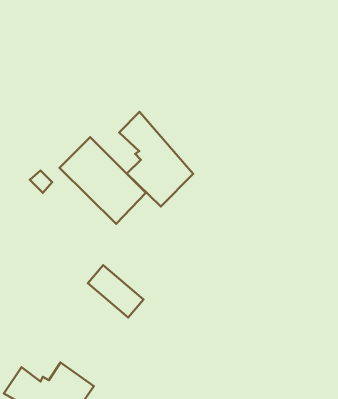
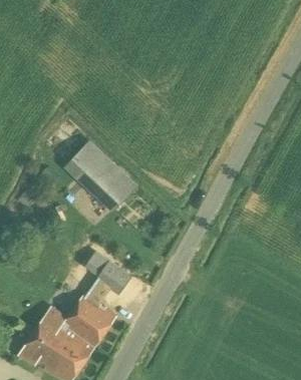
building: [119,112,193,207] -> none
building: none -> [31,282,114,350]

